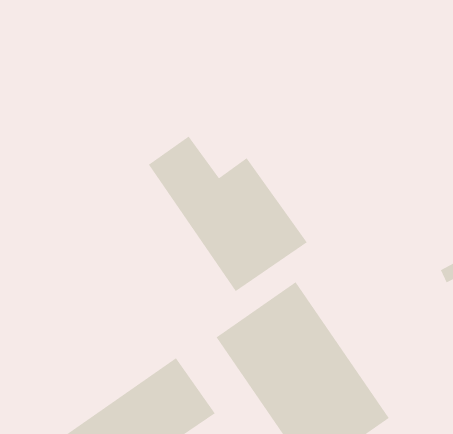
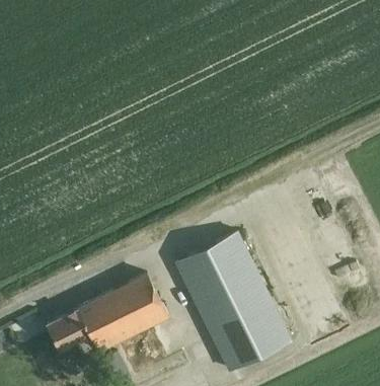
building: [148,135,308,292] -> none

